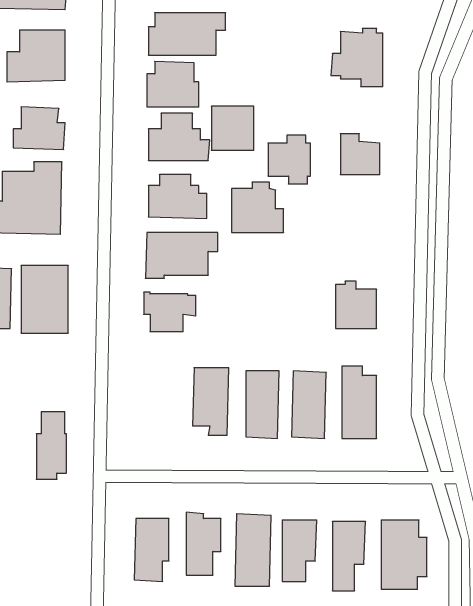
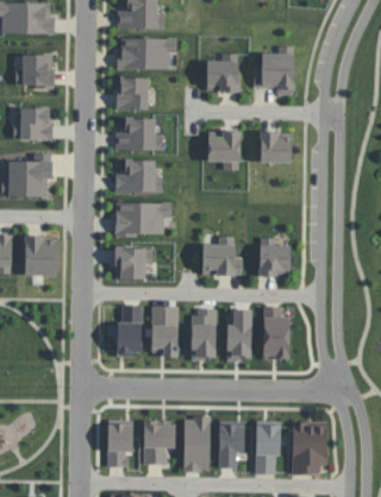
building: [211,106,254,150] -> [207,52,239,86]
building: [232,182,284,232] -> [201,235,241,273]
building: [36,412,66,479] -> [118,304,140,356]

